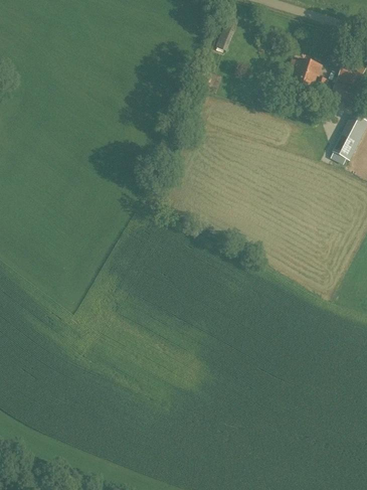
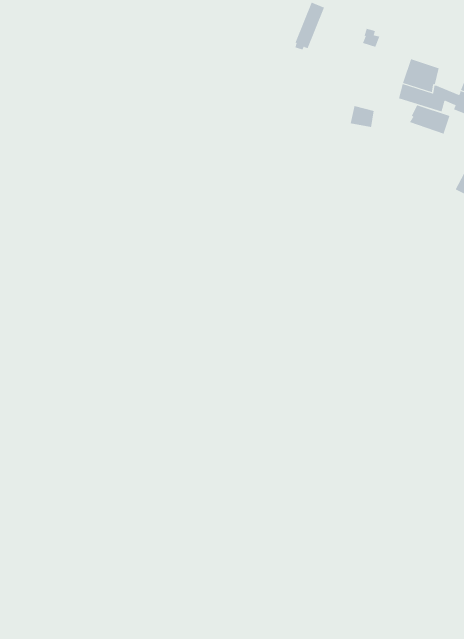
building: none -> [409,104,450,135]

